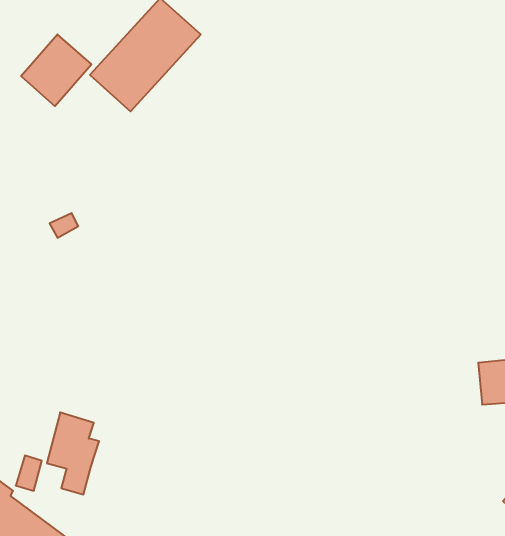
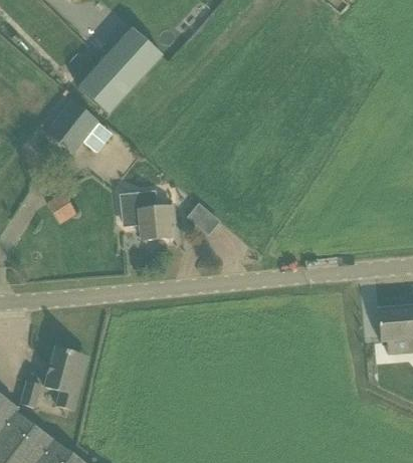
building: [21,34,91,106] -> [42,99,96,155]
building: none -> [119,191,174,240]
building: none -> [187,202,220,233]

